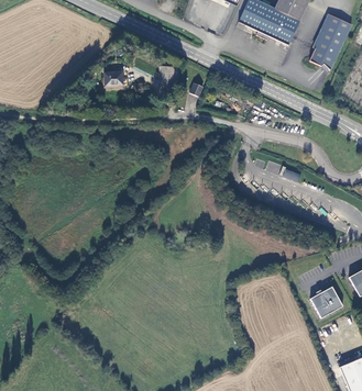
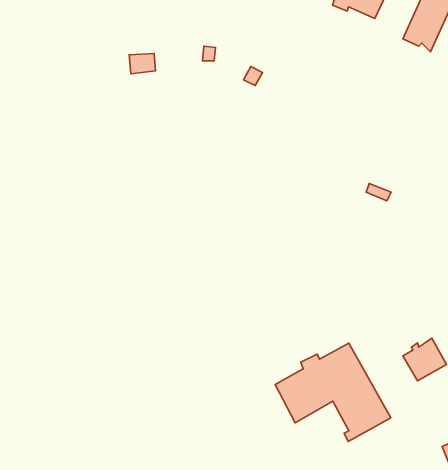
building: none -> [275,343,391,441]

